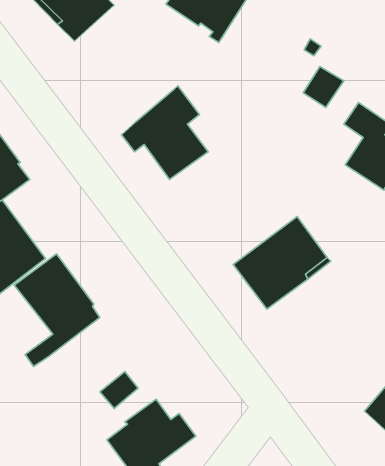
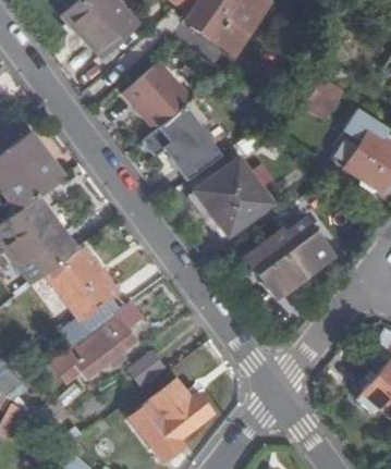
building: none -> [123,62,192,128]
building: none -> [196,159,272,235]
building: none -> [52,317,137,382]

